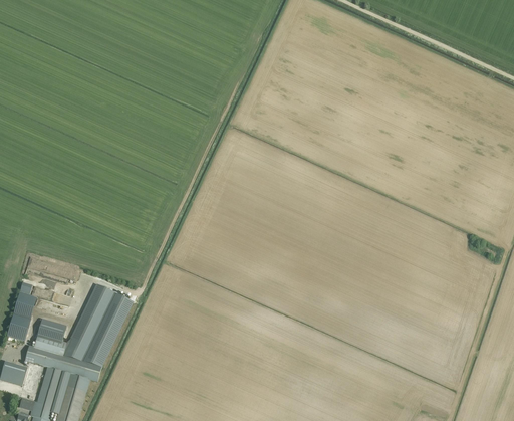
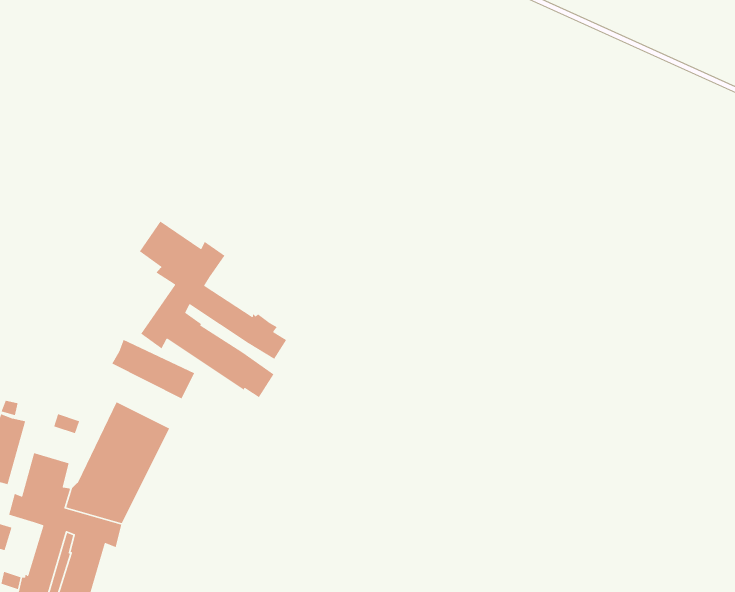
building: none -> [139,220,287,398]
building: none -> [111,339,195,399]

